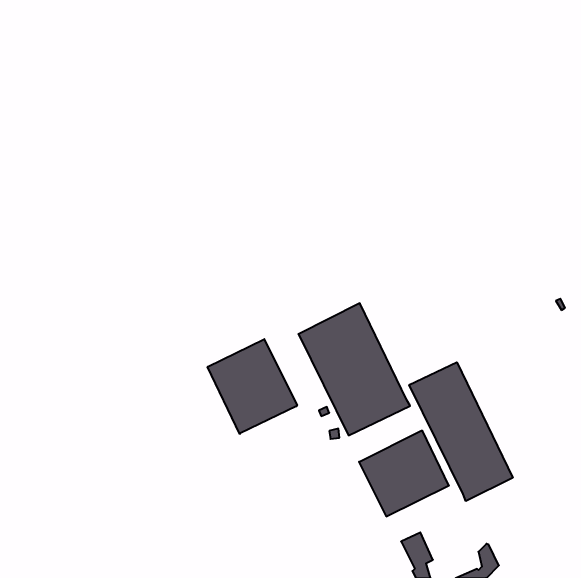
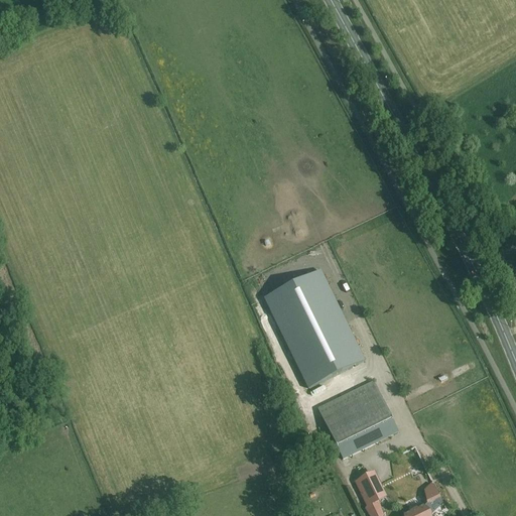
building: [208,339,297,434] -> none
building: [409,362,513,501] -> none

